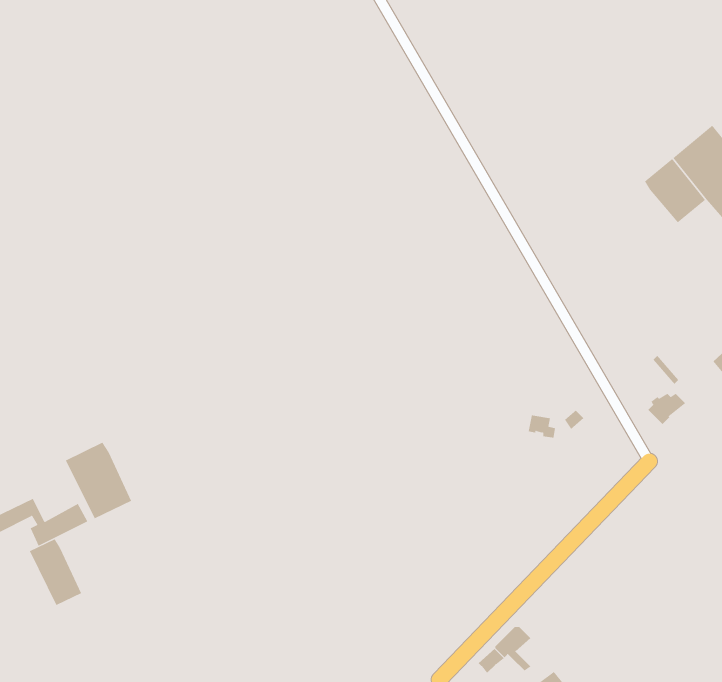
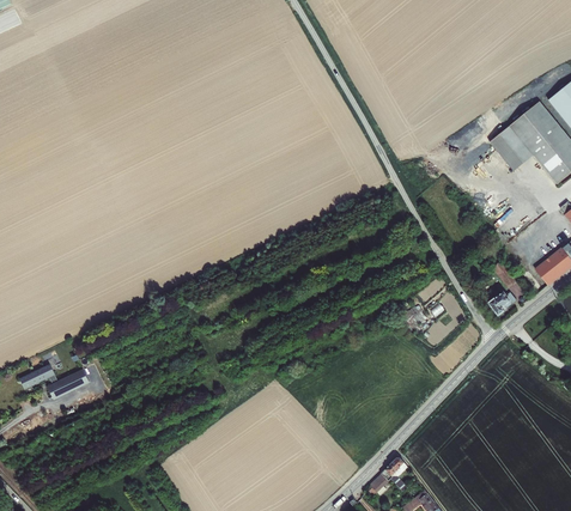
building: [65,442,132,519] -> none
building: [29,538,82,606] -> none

